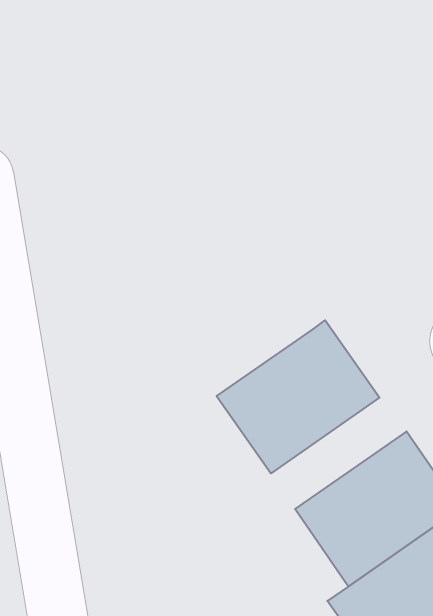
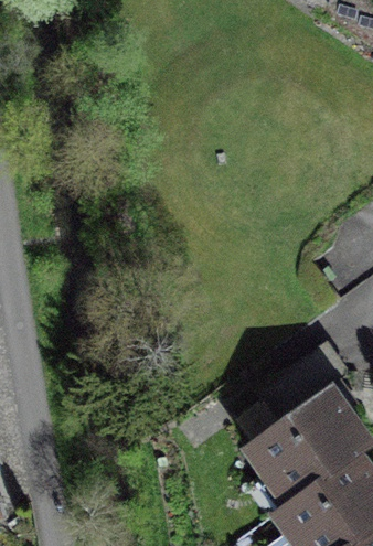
building: [217,320,379,473] -> none

